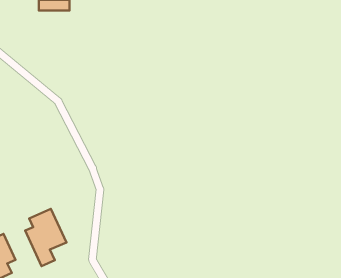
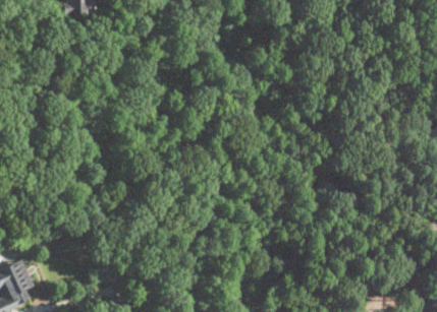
building: [25,209,66,266] -> none

